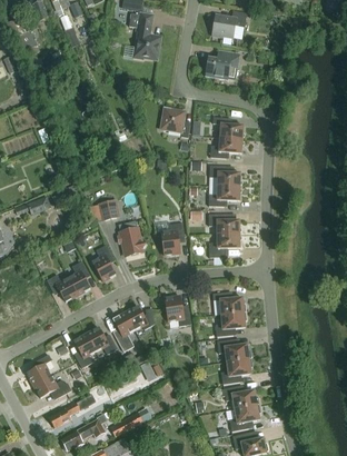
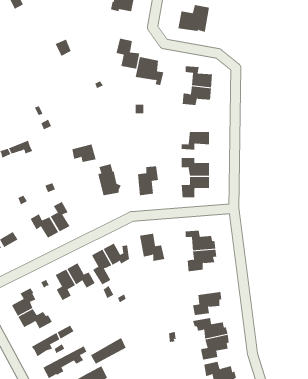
building: none -> [116,38,140,69]
building: [209,166,240,187] -> none
building: [91,245,115,281] -> none
building: [217,339,251,361] -> none

